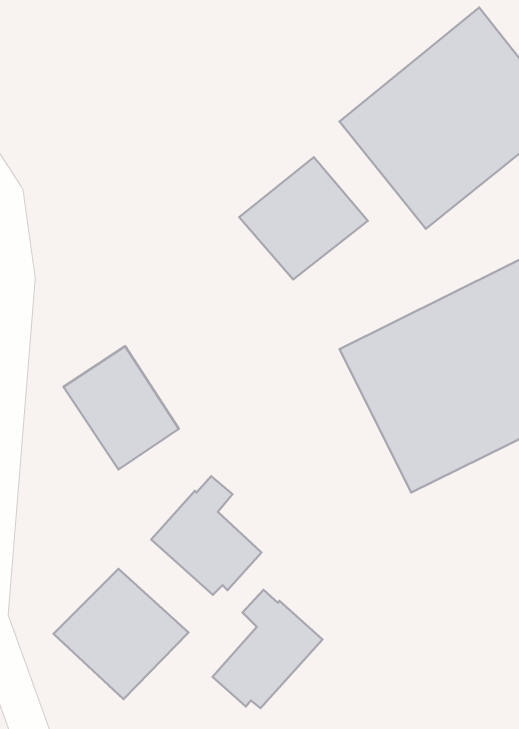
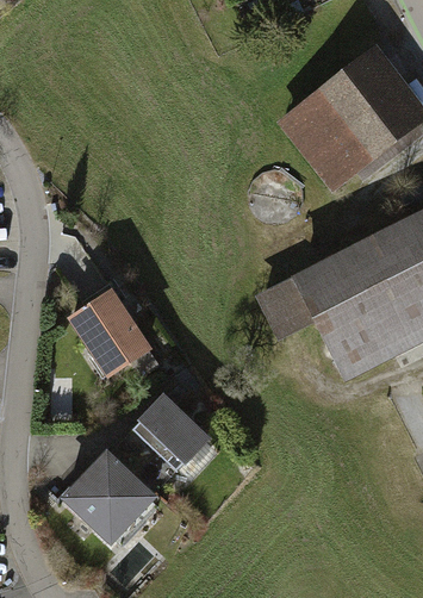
building: [239,157,368,280] -> none
building: [213,590,322,708] -> none

